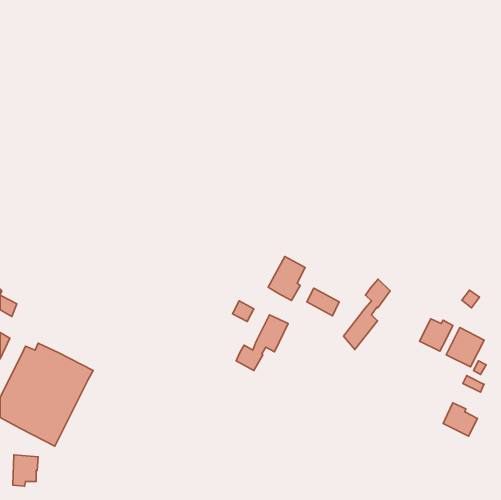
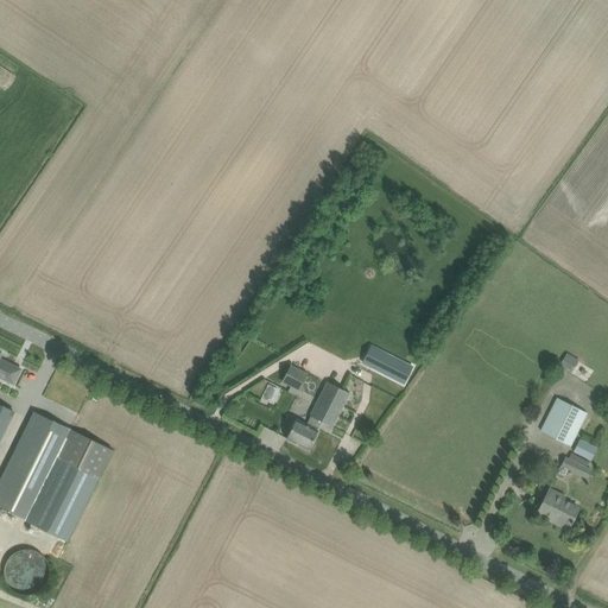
building: [268,256,305,300] -> none
building: [343,279,390,349] -> none
building: [419,319,453,351] -> none

